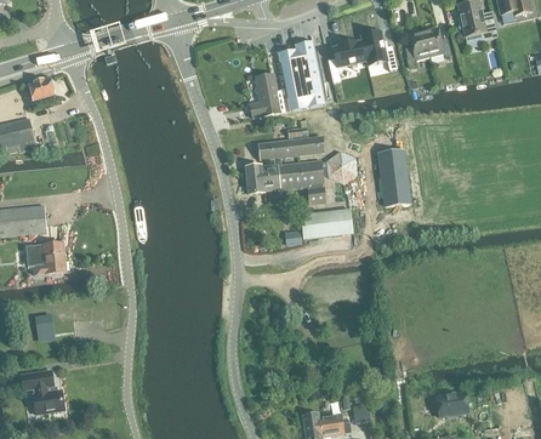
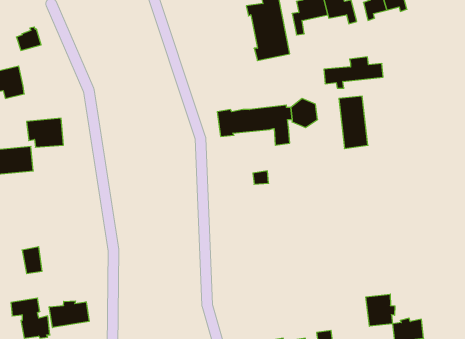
building: [249,72,284,115] -> none
building: [258,130,323,164] -> [324,57,383,88]
building: [300,207,351,238] -> none
building: [24,241,64,273] -> [27,118,63,147]
building: none -> [366,294,395,326]
building: none -> [49,301,89,328]

